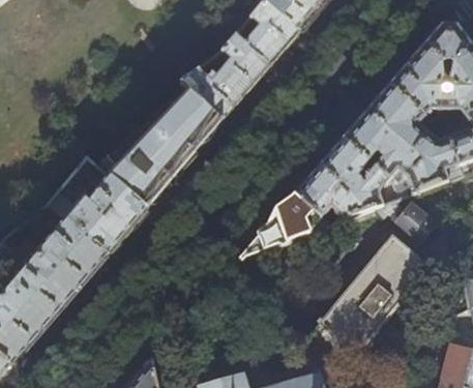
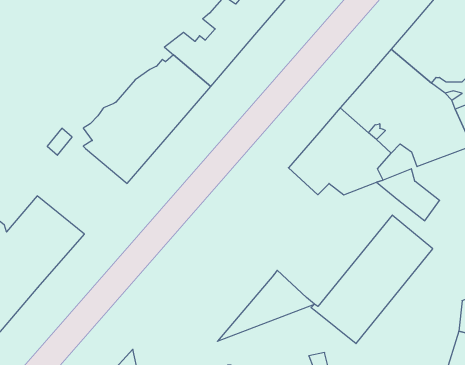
building: [48,174,147,252] -> none
building: [240,191,329,257] -> [217,270,314,341]

